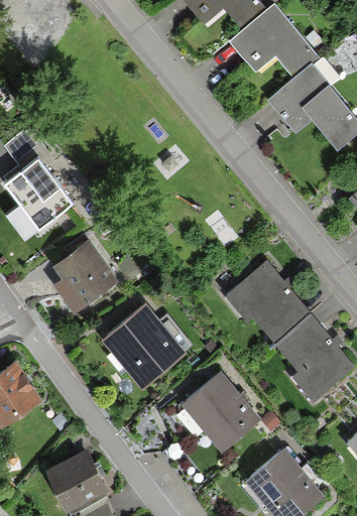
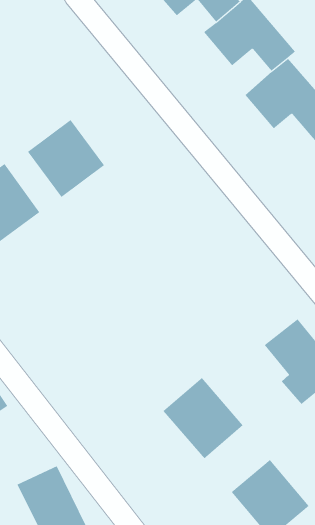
building: none -> [27,119,105,198]
building: [56,241,115,307] -> none
building: [232,262,314,340] -> none
building: [108,306,183,384] -> none

